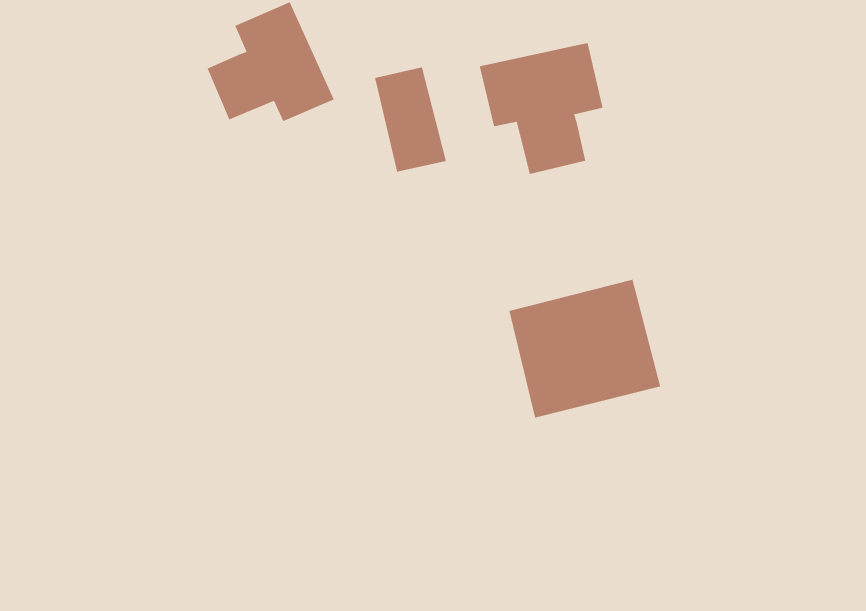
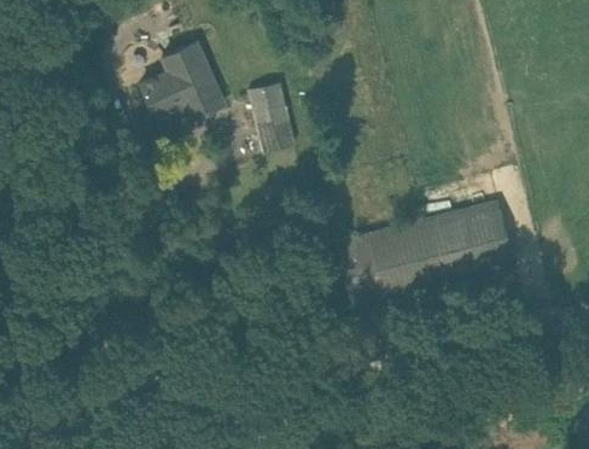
building: [479,42,604,175] -> none
building: none -> [416,198,515,288]

